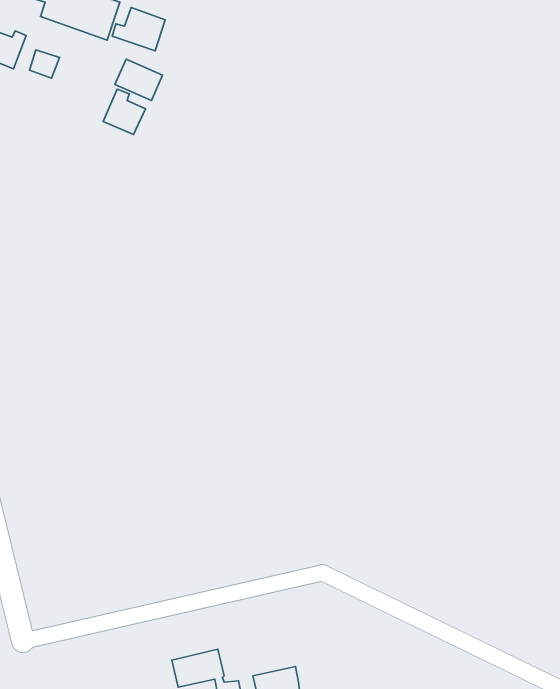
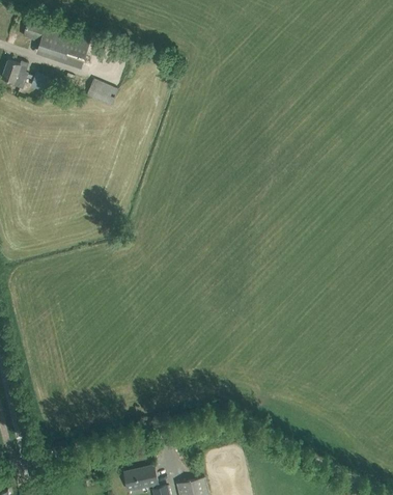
building: [112,7,165,51] -> none
building: [103,89,146,134] -> none

